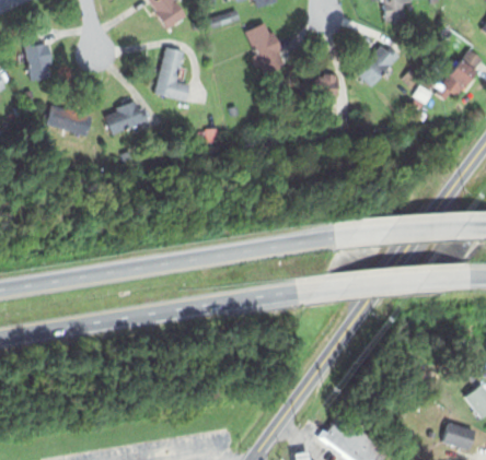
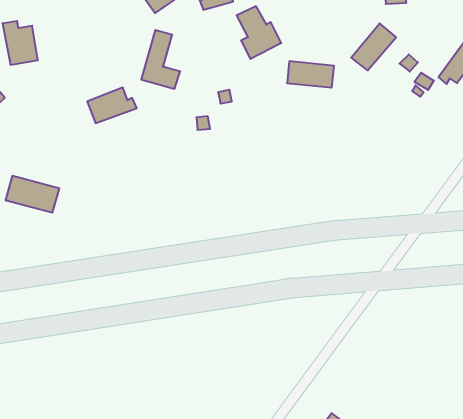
building: [44,104,95,139] -> [5,176,59,213]

